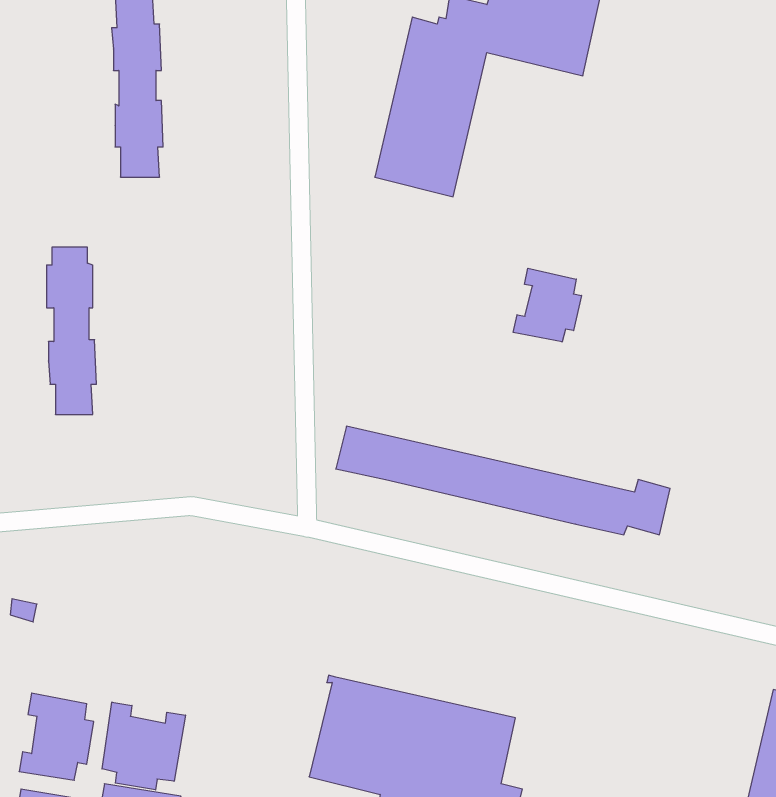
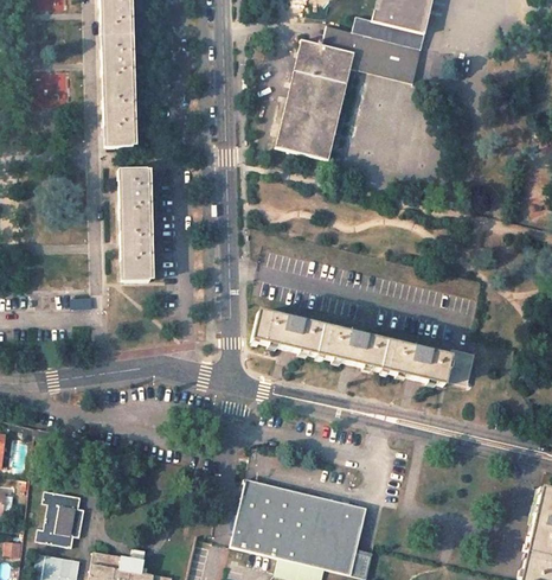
building: [47,247,96,414] -> [120,168,153,280]
building: [513,268,581,342] -> none
building: [102,702,185,790] -> none

